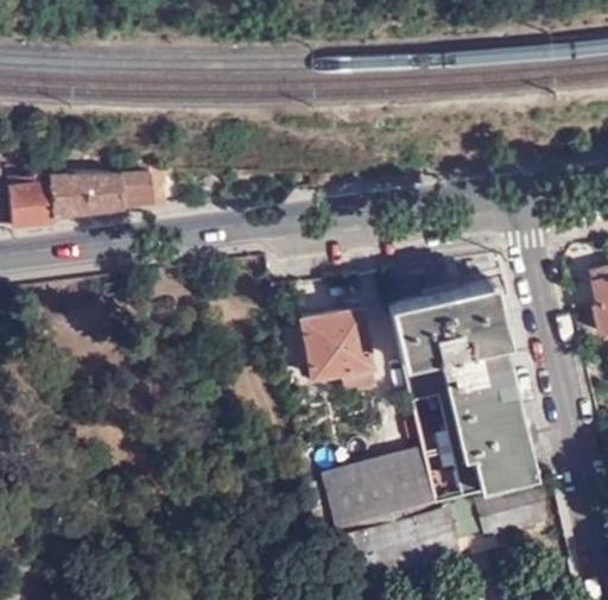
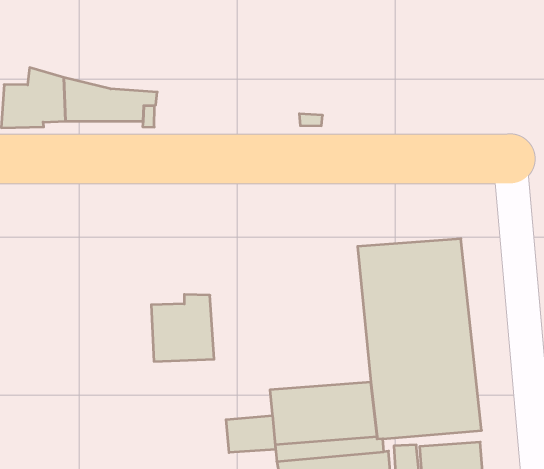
building: [303,305,373,379] -> [151,294,214,361]
building: none -> [226,415,276,453]

